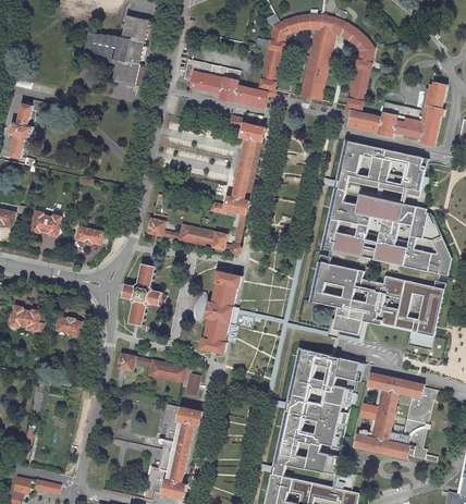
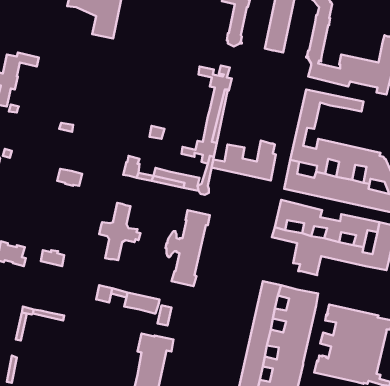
building: [183,60,267,108] -> none
building: [354,153,424,197] -> [211,141,276,181]
building: [30,211,61,237] -> none

